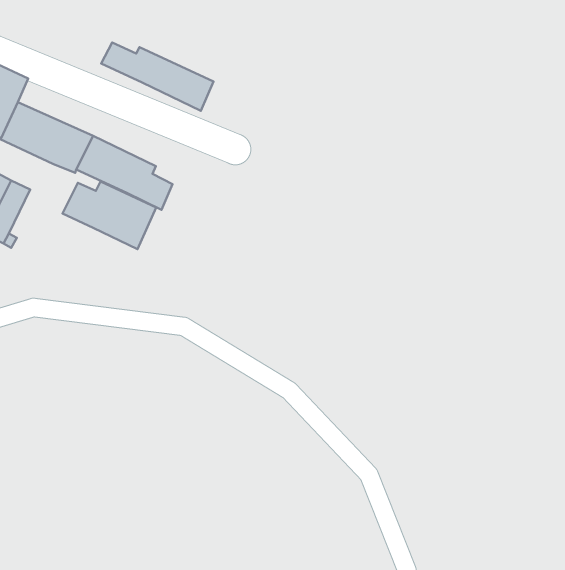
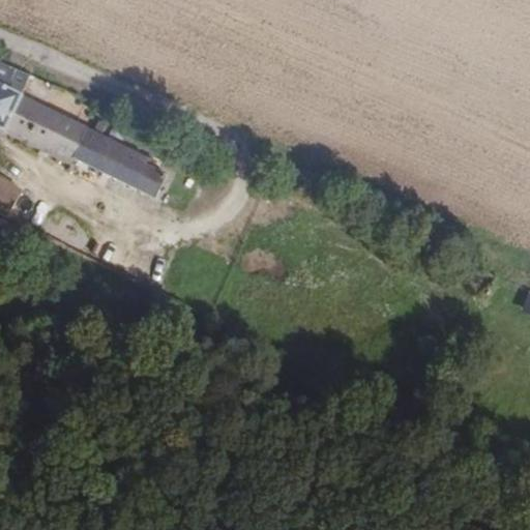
building: [101,43,214,111] -> none
building: [62,182,156,249] -> none

